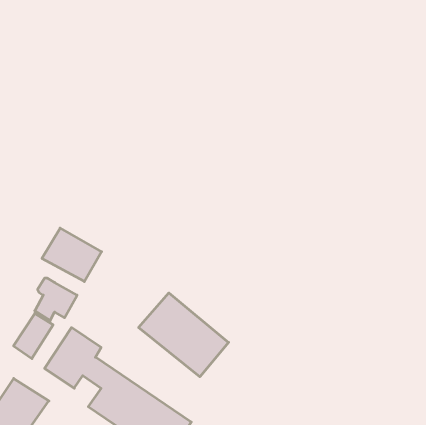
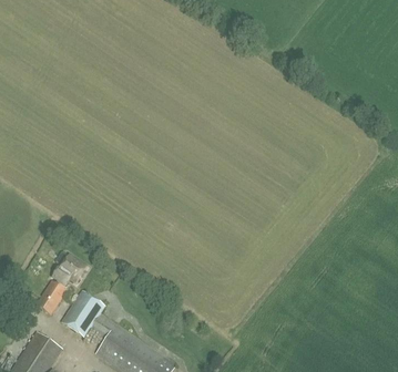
building: [42,228,102,282] -> none
building: [139,293,229,377] -> none

